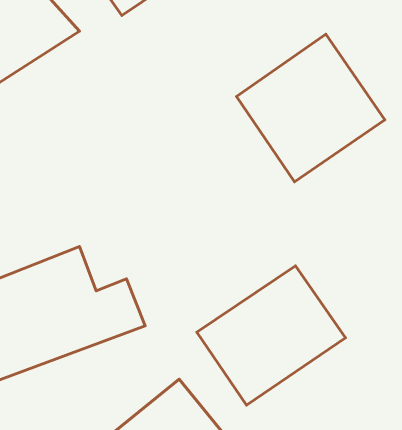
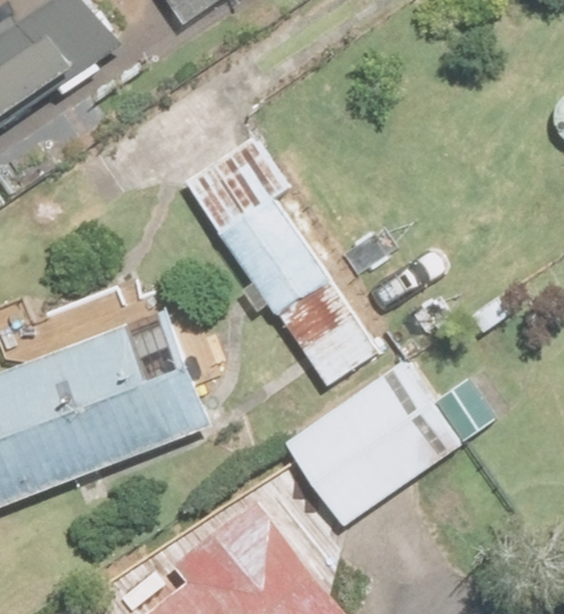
building: [236,34,385,182] -> none
building: none -> [181,131,378,386]

